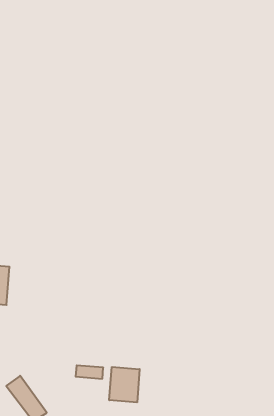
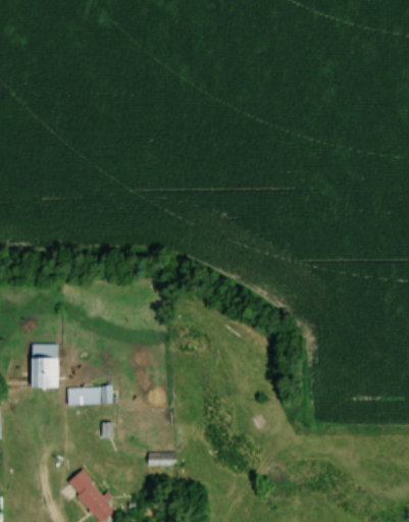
building: none -> [66,387,111,405]
building: [109,367,140,402] -> none

